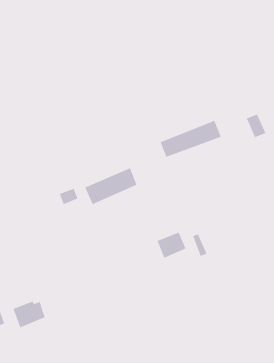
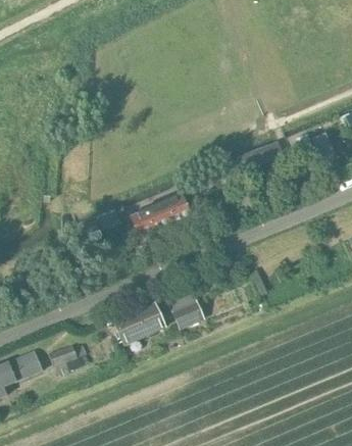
building: [157,231,187,259] -> [170,299,204,330]
building: none -> [114,303,162,341]

